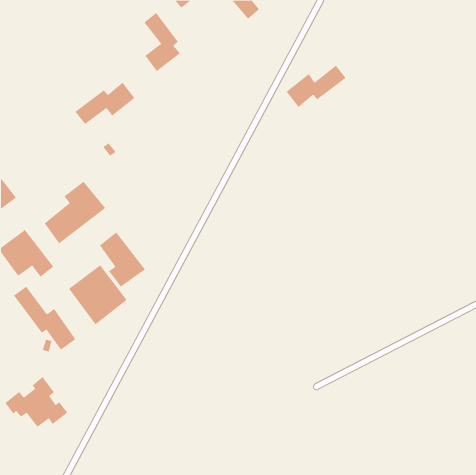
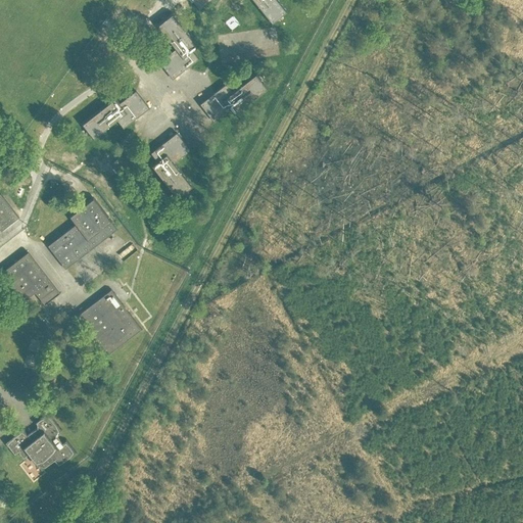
building: [286,65,347,108] -> [200,75,267,122]
building: none -> [150,133,191,197]
building: [99,231,146,288] -> none
building: [13,286,76,351] -> none

